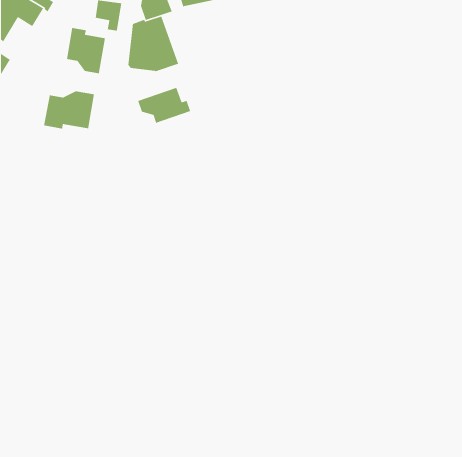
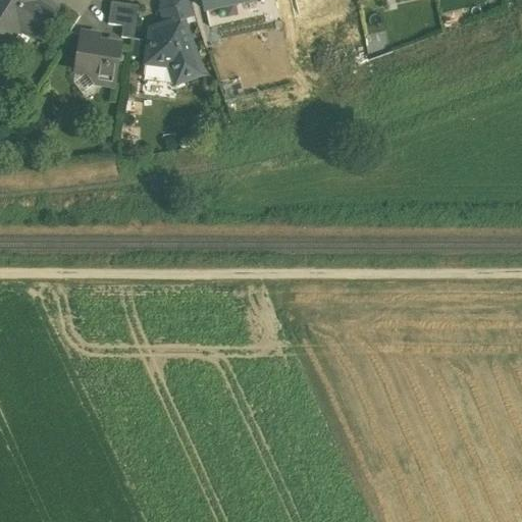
building: [137,87,191,124] -> none
building: [43,91,95,129] -> none

